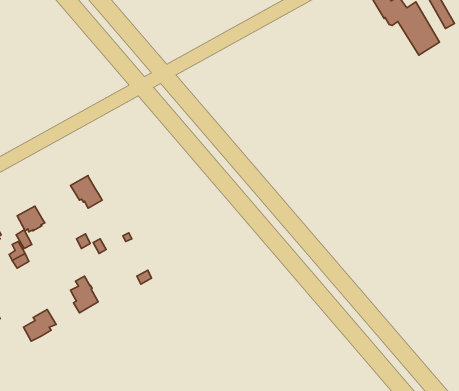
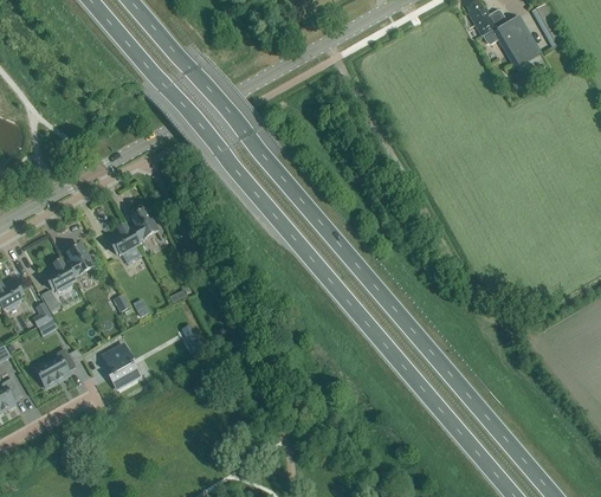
building: none -> [127,209,156,241]
building: none -> [63,246,92,277]
building: [23,310,56,341] -> [35,349,75,387]

